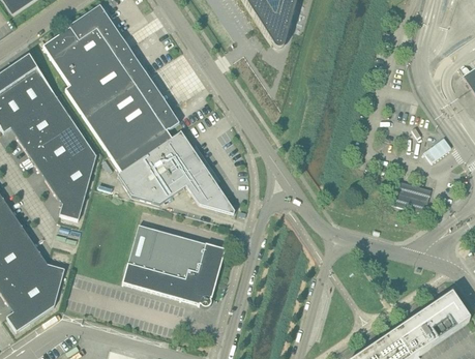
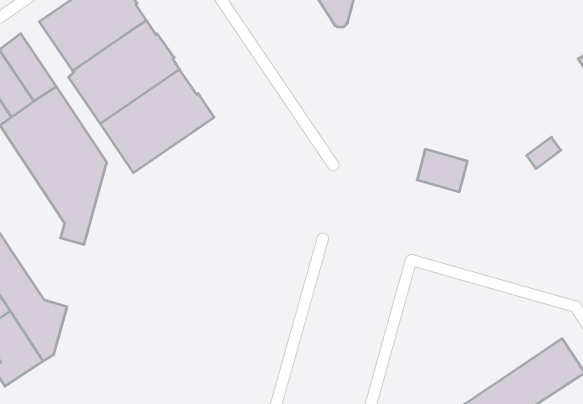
building: [116,129,234,213] -> none
building: [391,179,431,212] -> [417,149,467,192]
building: [121,223,225,305] -> none

